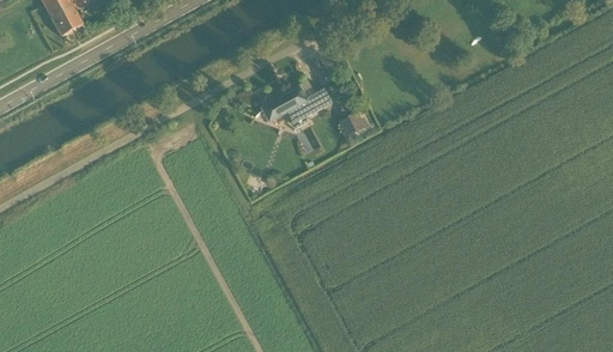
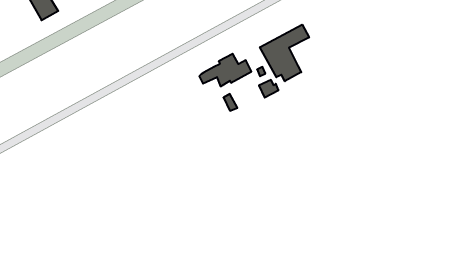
building: none -> [260,25,309,81]

